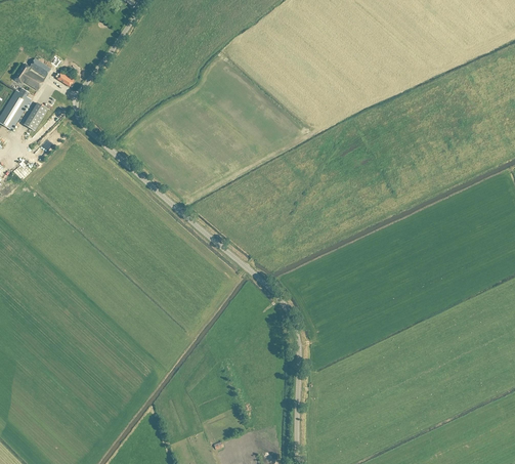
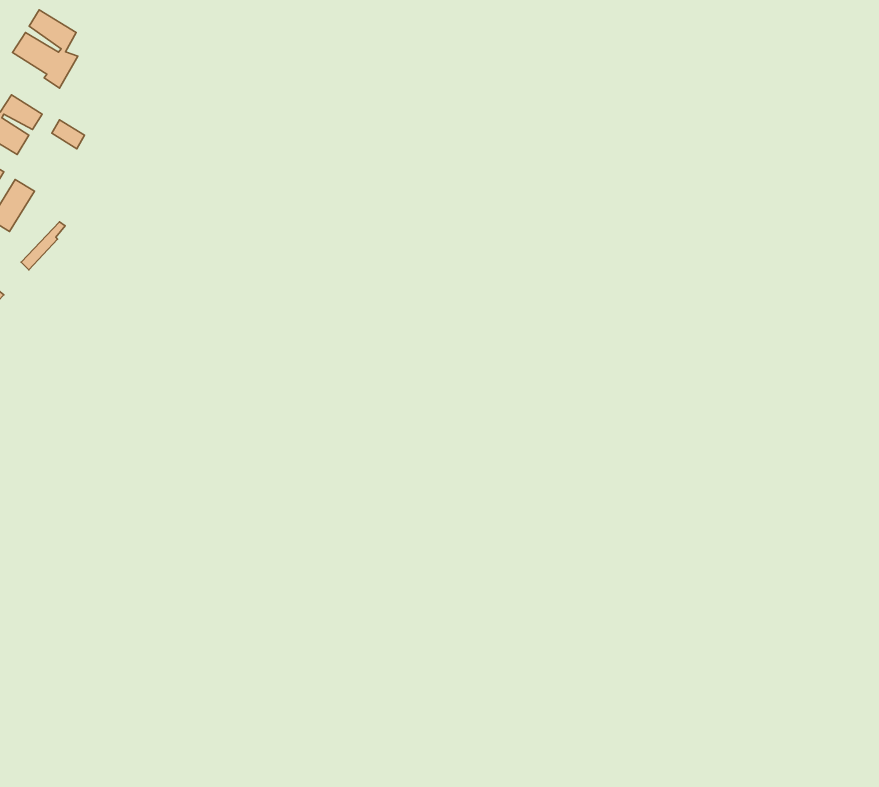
building: none -> [13,10,78,88]

